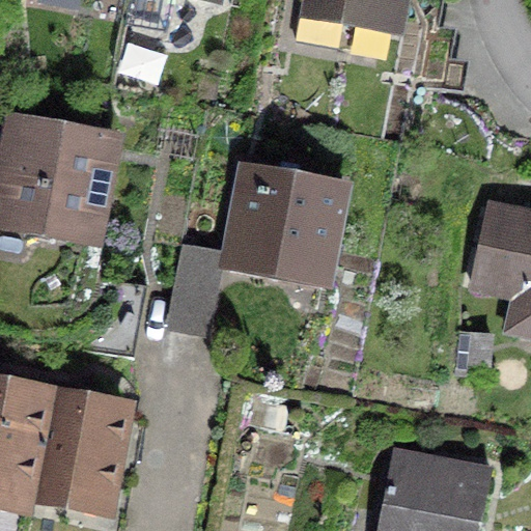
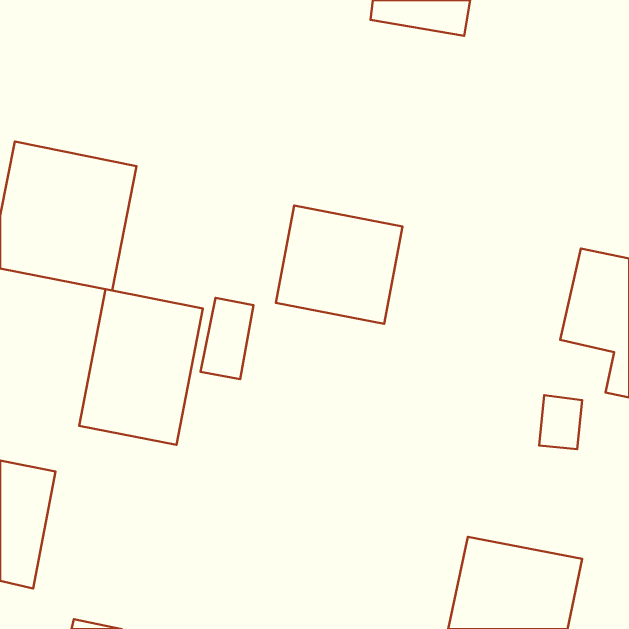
building: none -> [79,289,203,445]
building: [28,397,127,505] -> none

